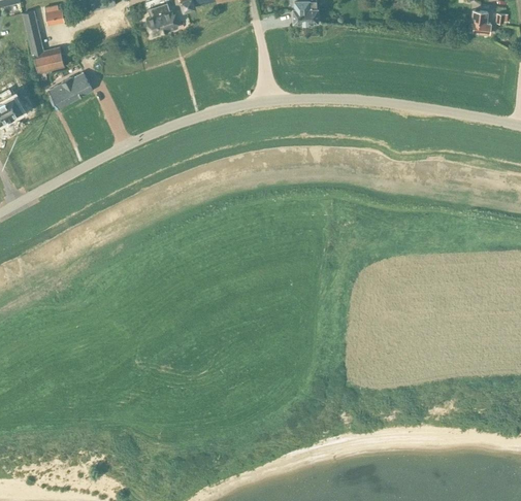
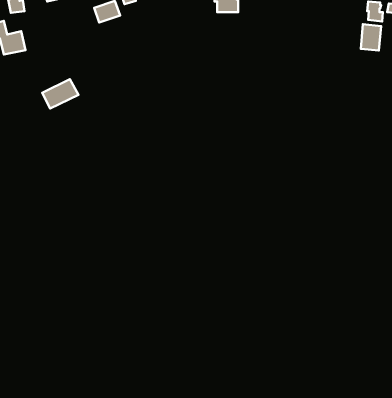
building: none -> [361,24,381,51]
building: [48,71,92,106] -> [42,79,79,109]

